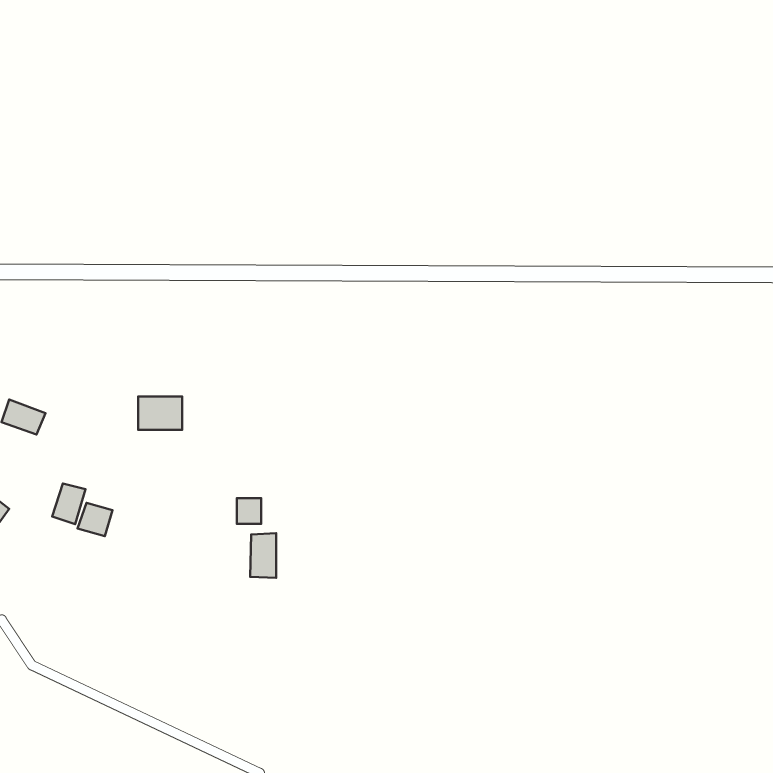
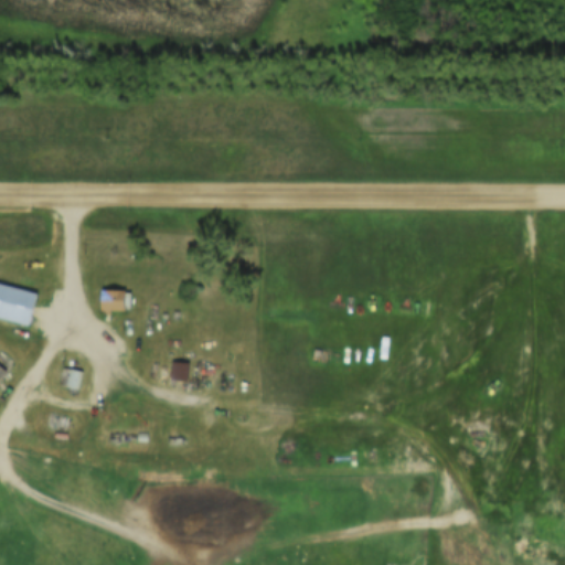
building: [52,484,85,524] -> none
building: [250,533,276,578] -> none

